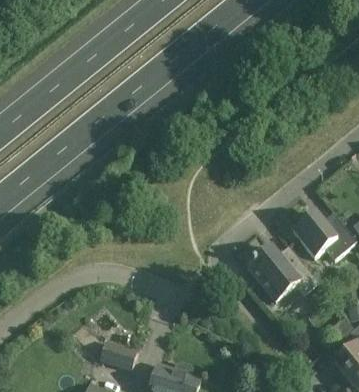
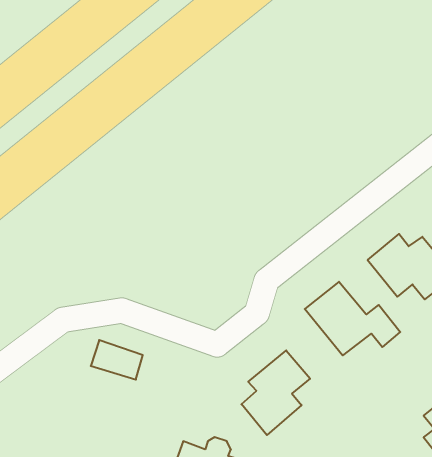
building: none -> [241,350,310,435]
building: [98,340,136,369] -> [91,340,143,380]

